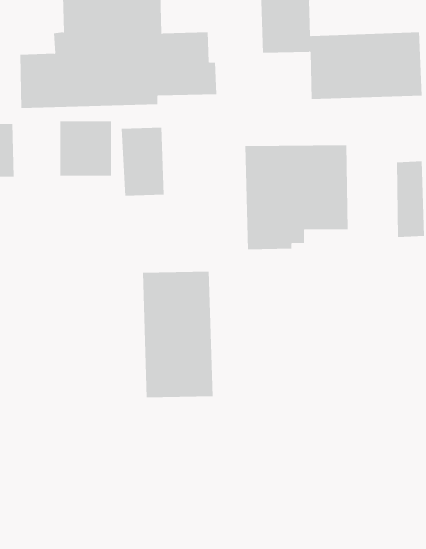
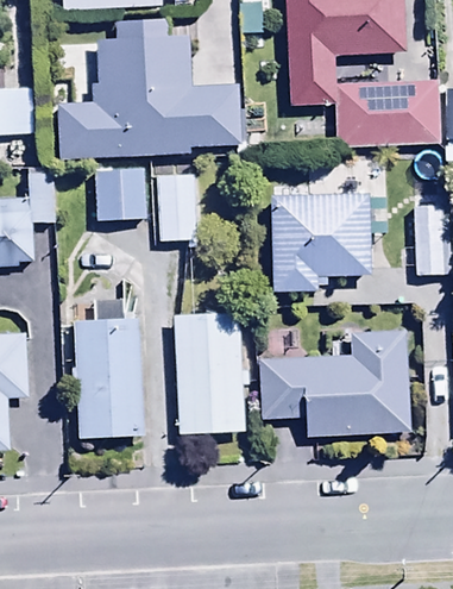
building: none -> [71,299,145,439]
building: none -> [258,333,410,434]

